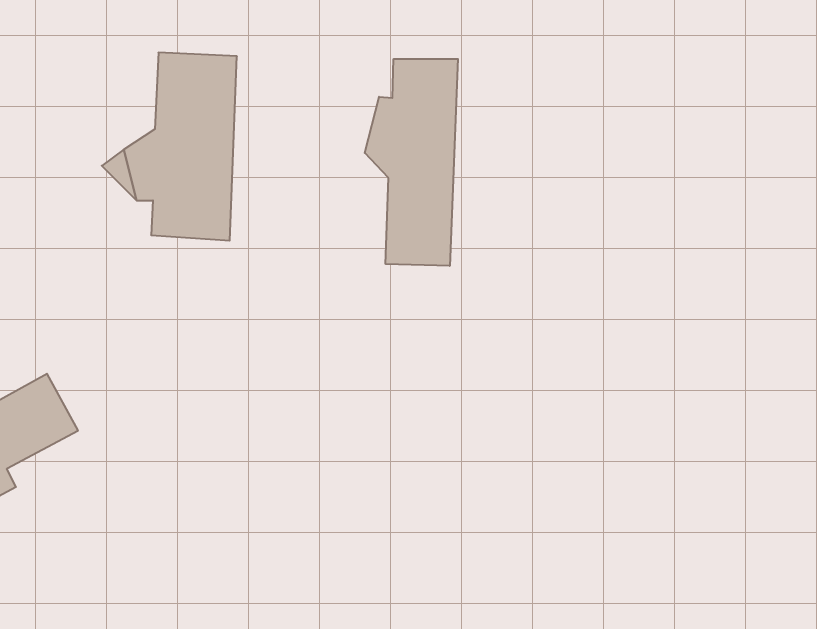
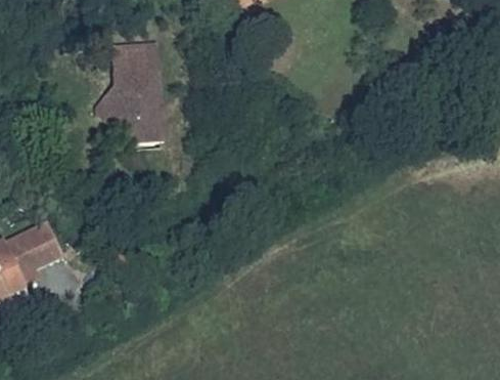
building: [365,59,458,266] -> none

